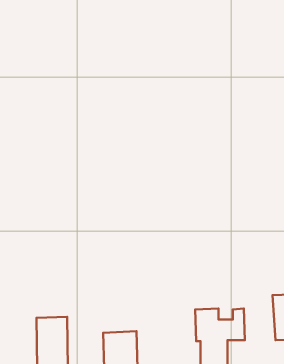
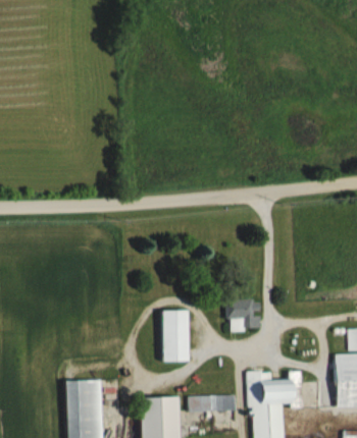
building: none -> [226,299,258,330]
building: none -> [162,310,189,361]
building: none -> [188,395,234,409]

